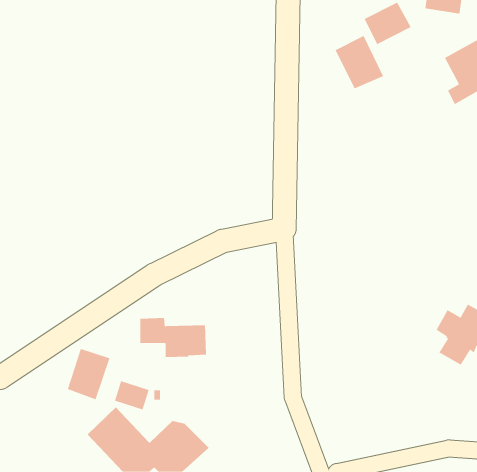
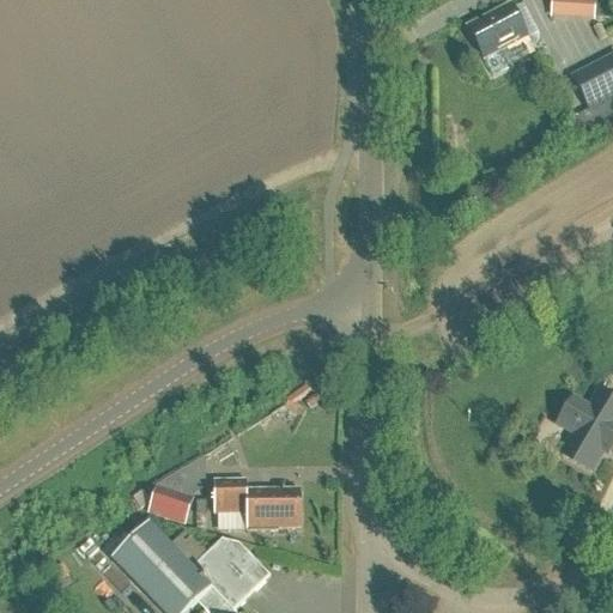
building: [335,35,384,89] -> none
building: [139,317,207,358] -> [214,478,301,529]
building: [67,348,110,400] -> none

